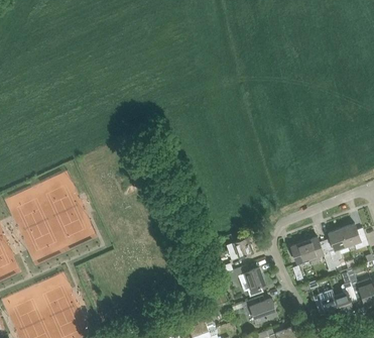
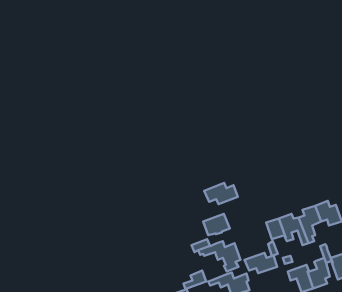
building: none -> [204,183,238,204]
building: none -> [245,253,277,273]

